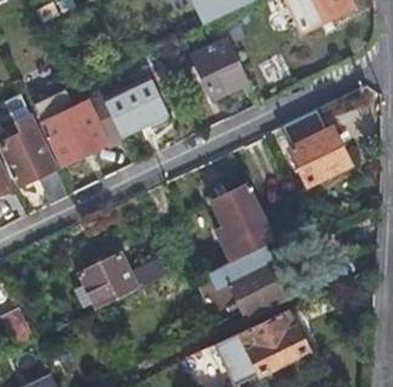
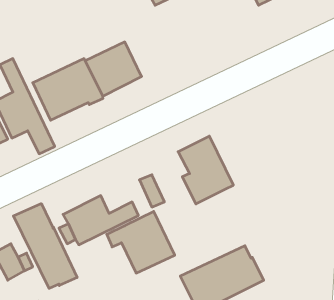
building: [191,36,250,99] -> none
building: [282,109,351,186] -> none
building: [210,244,288,315] -> [107,211,175,273]
building: none -> [13,204,77,288]

